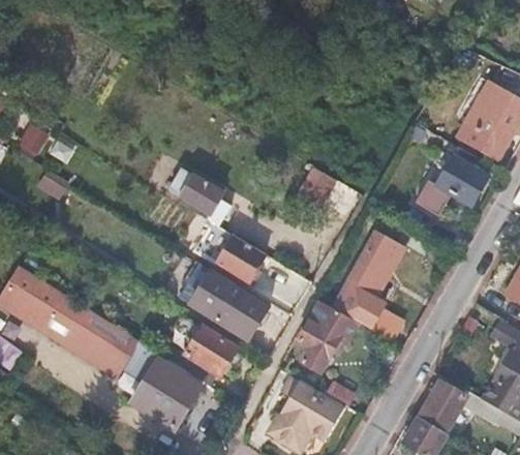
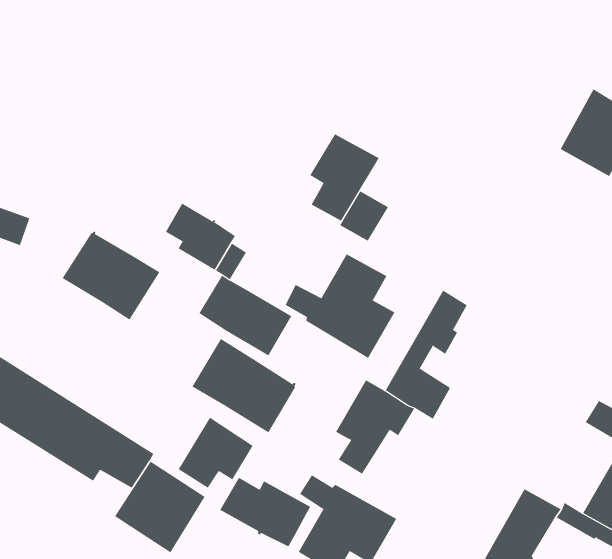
building: none -> [309,134,380,222]
building: [417,156,488,216] -> none
building: none -> [62,230,160,320]
building: none -> [285,253,395,359]
building: none -> [219,477,311,547]

